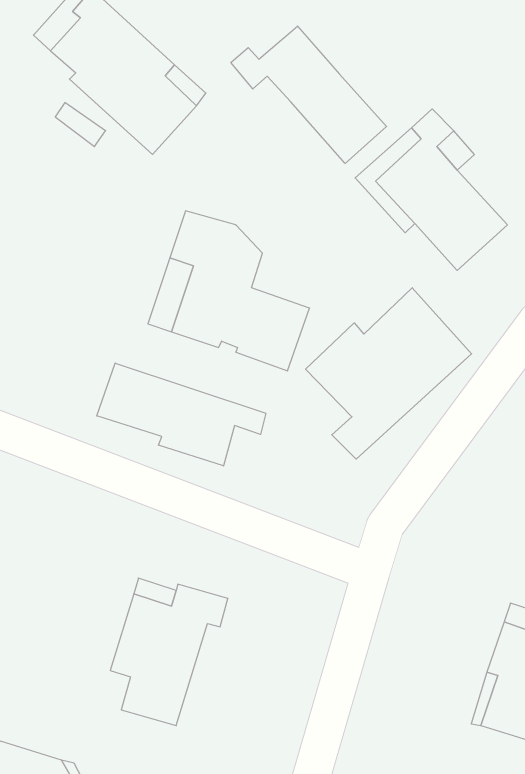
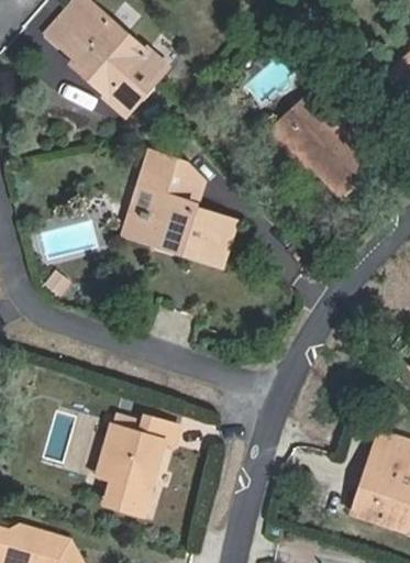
building: [231,26,387,163] -> none
building: [306,288,472,459] -> none
building: [97,363,266,466] -> none

